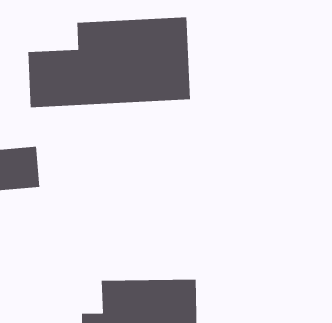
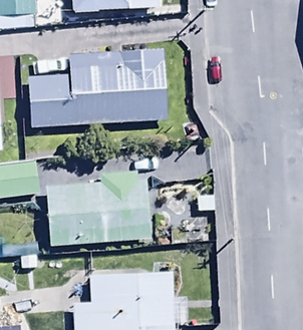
building: none -> [45,171,150,244]

